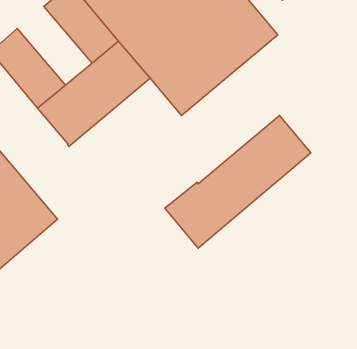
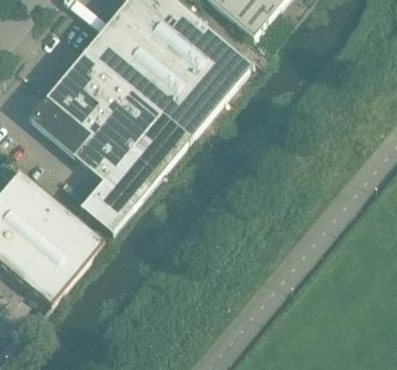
building: none -> [46,74,111,134]
building: [165,116,311,248] -> [80,117,189,233]

